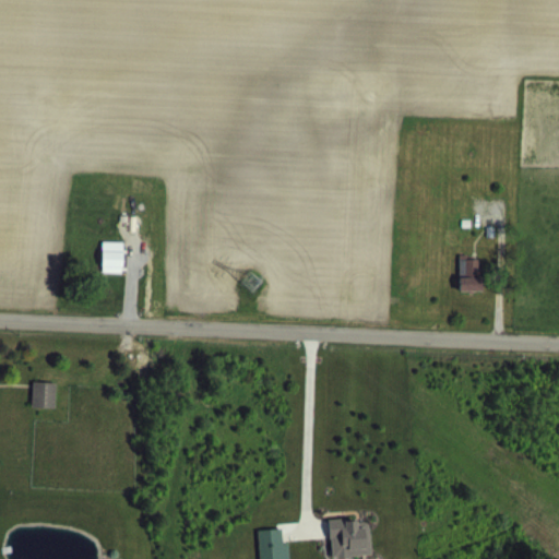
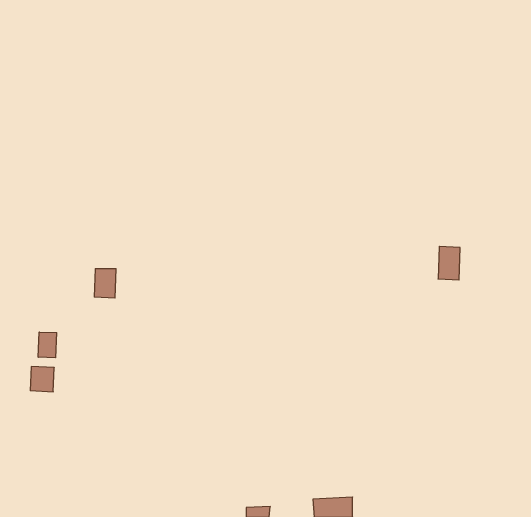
building: [102,243,124,274] -> [94,269,116,298]
building: none -> [38,332,57,358]

